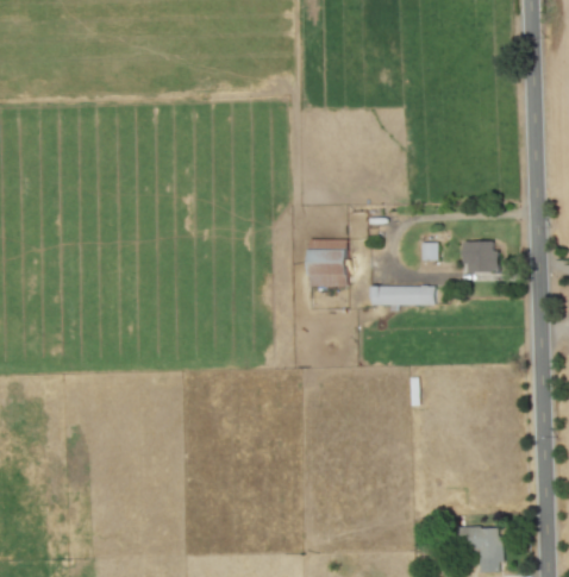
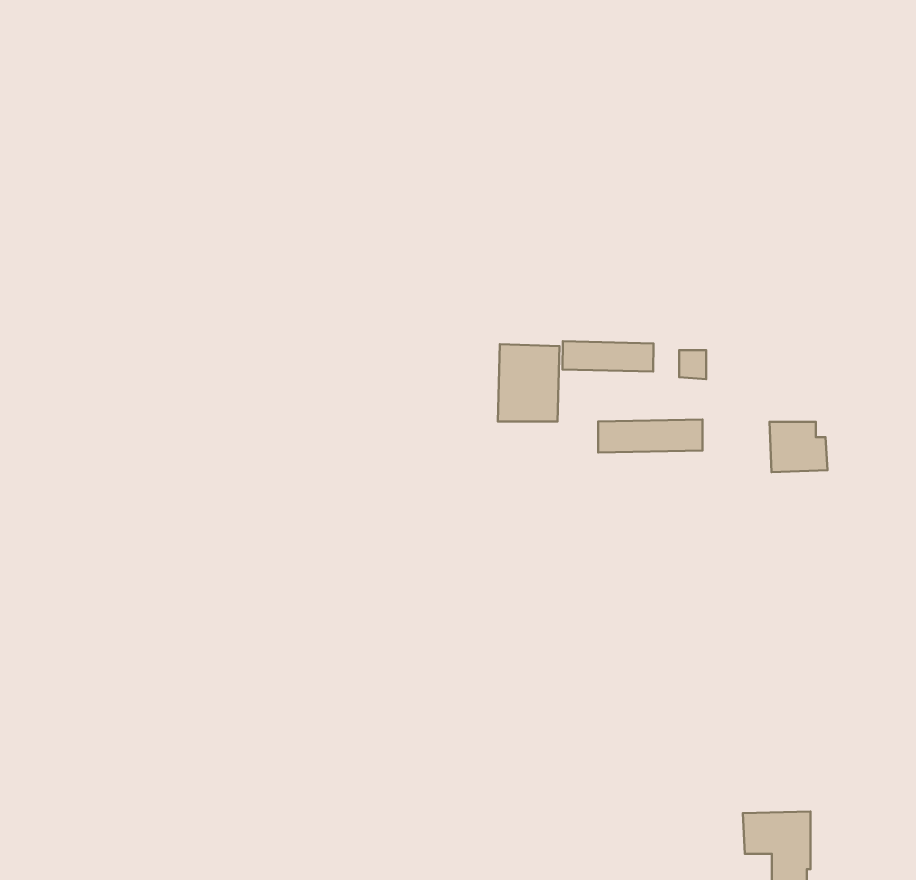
building: none -> [562,341,653,372]
building: [463,242,499,272] -> [770,422,827,472]

